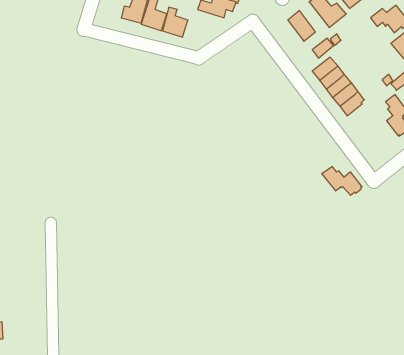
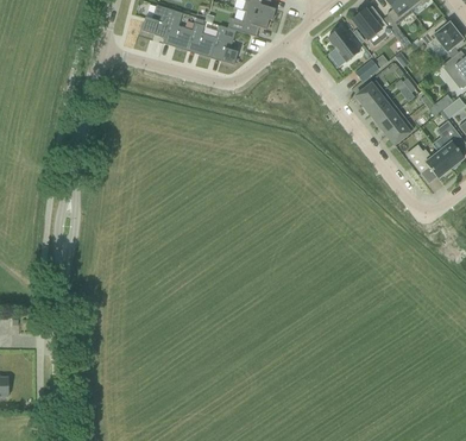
building: none -> [209,31,237,64]
building: [322,167,362,195] -> [405,145,451,177]

